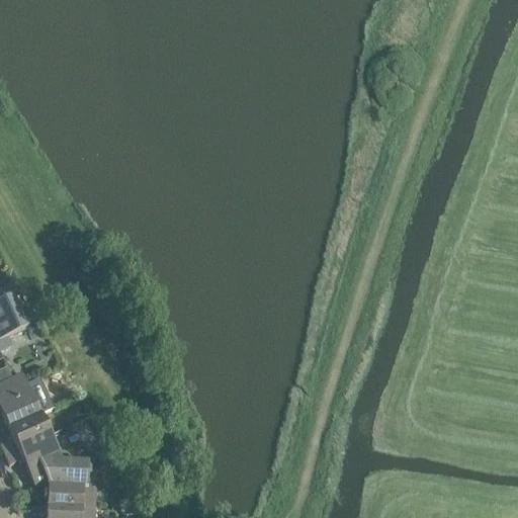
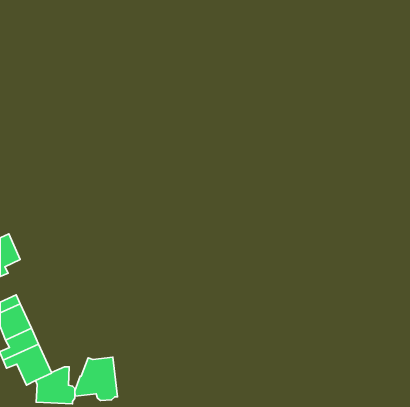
building: none -> [75,357,118,401]

